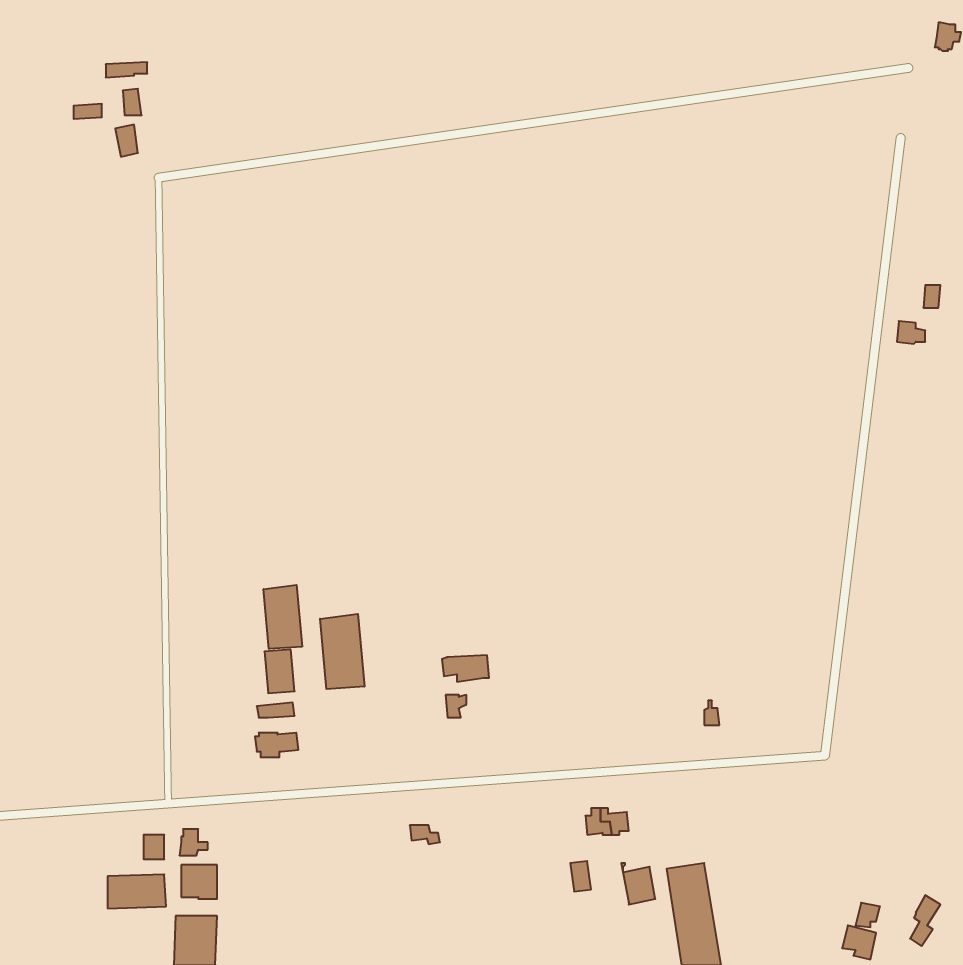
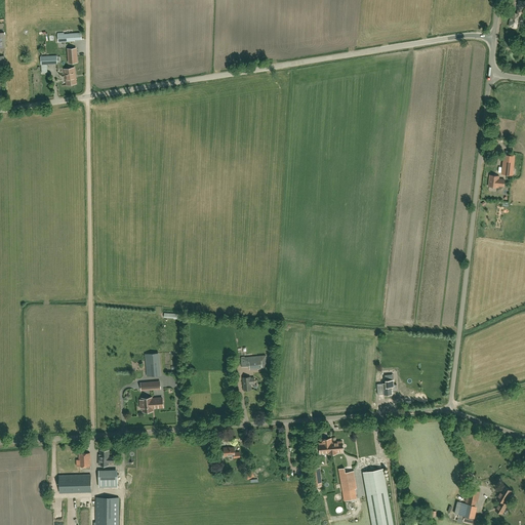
building: [264,585,302,649] -> none
building: [320,614,364,689] -> none

